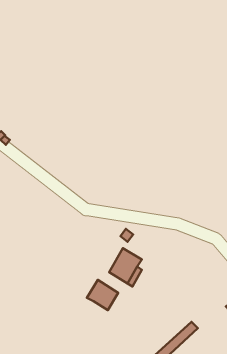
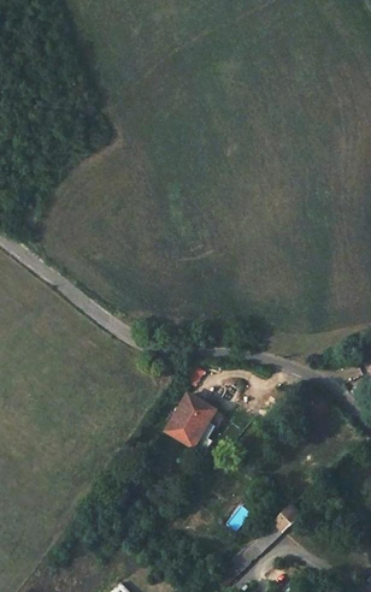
building: [87,280,118,310] -> none

